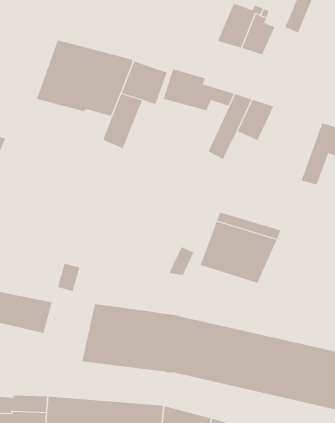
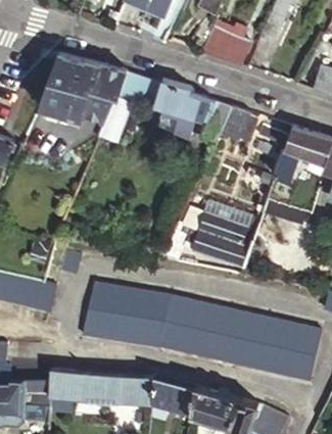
building: none -> [148,83,199,144]

